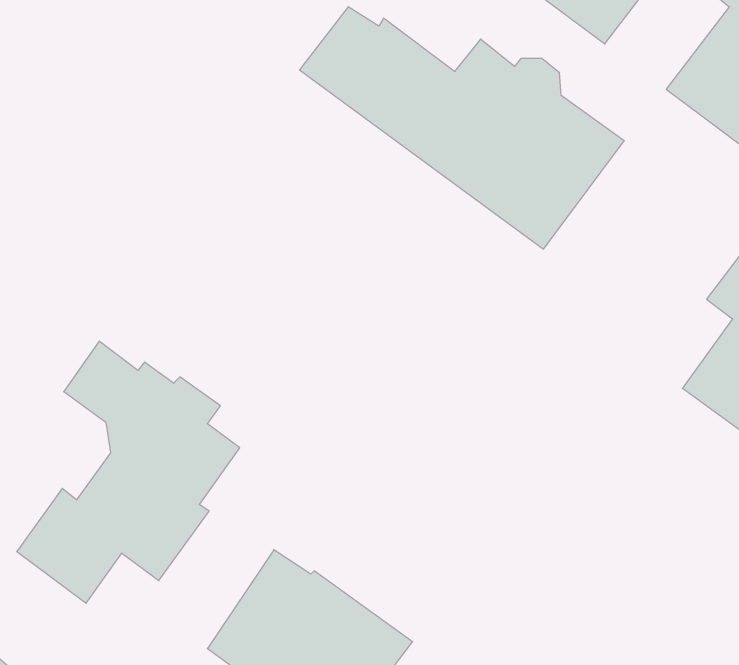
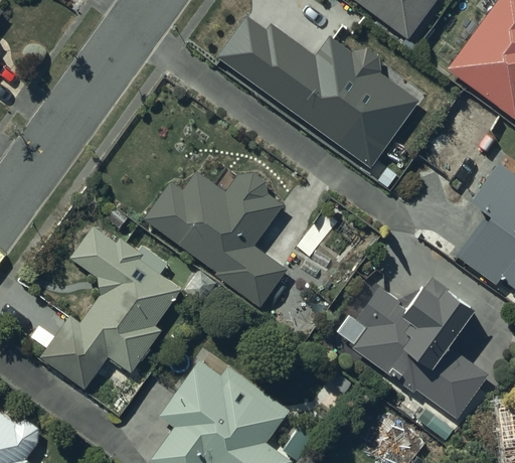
building: none -> [144,170,286,307]
building: none -> [353,277,488,419]

